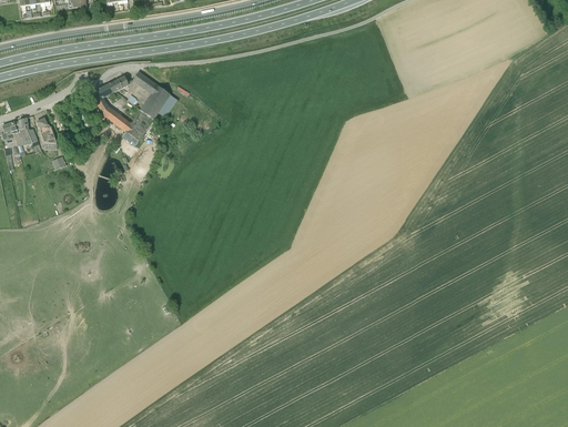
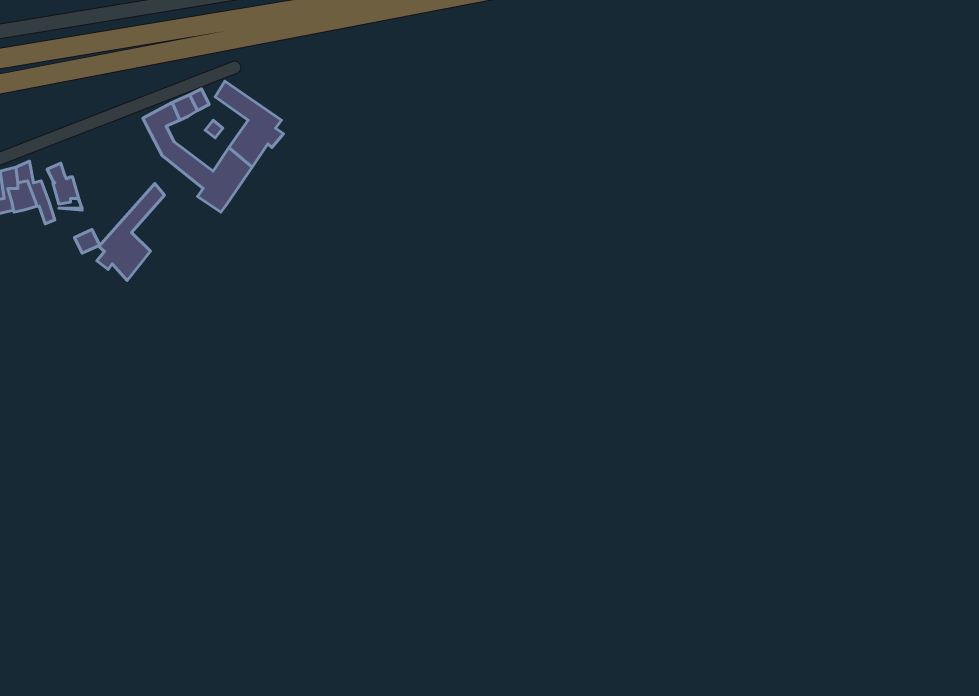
building: none -> [97,184,164,281]

